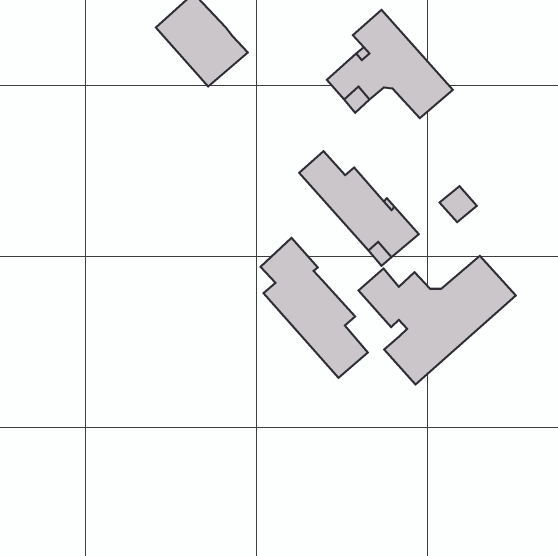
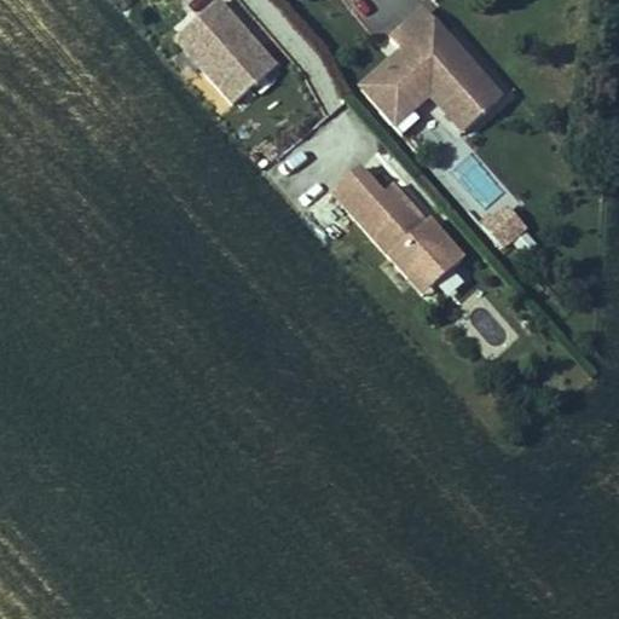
building: [260,238,368,378] -> none
building: [359,256,516,385] -> none

